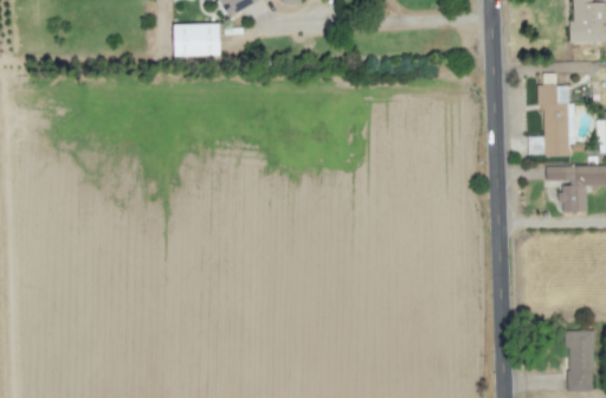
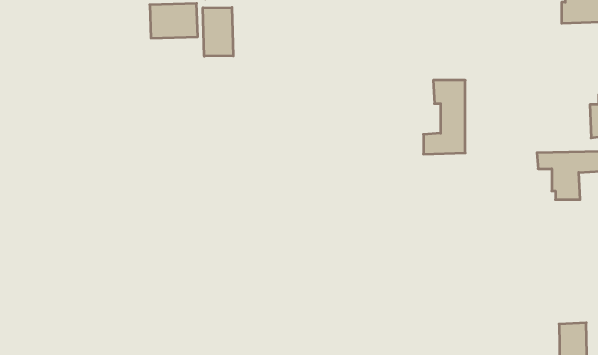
building: none -> [203,7,233,56]
building: [528,84,568,155] -> [423,80,465,154]

